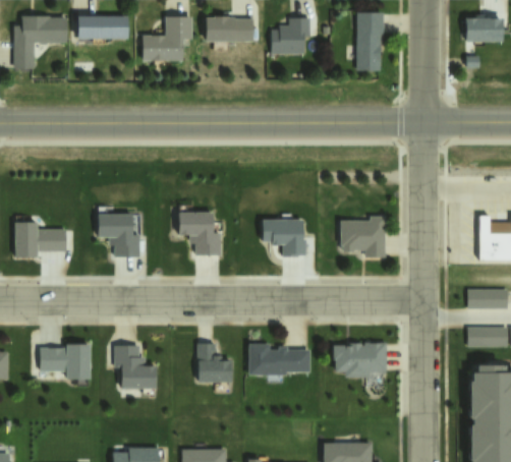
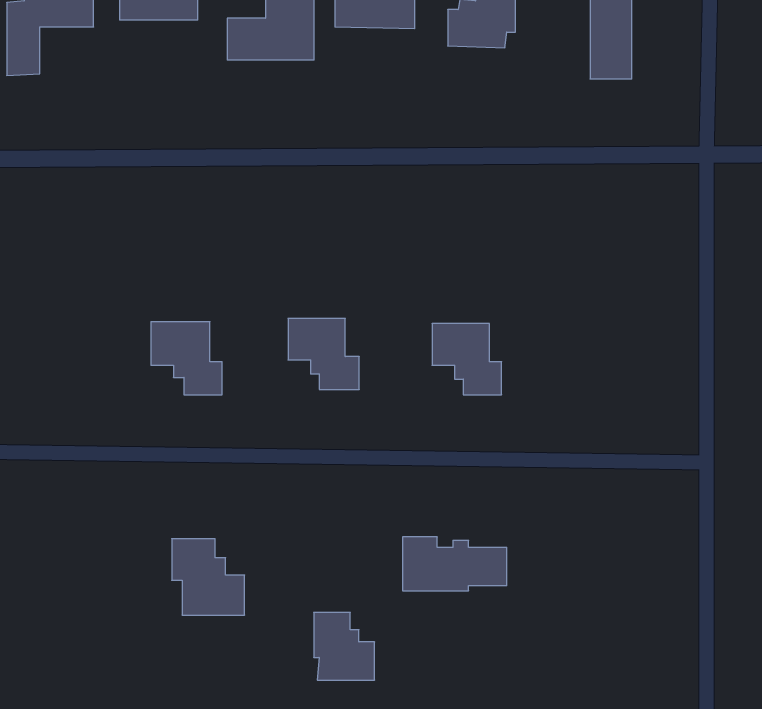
building: [339,213,384,254] -> none
building: [16,224,67,258] -> none
building: [194,339,230,379] -> [314,612,375,680]
building: [39,340,90,378] -> none
building: [332,340,386,374] -> none

